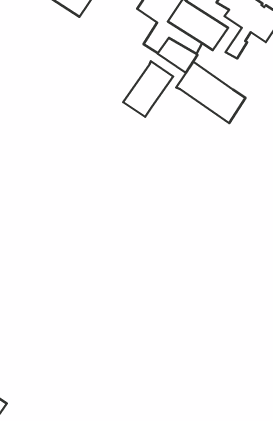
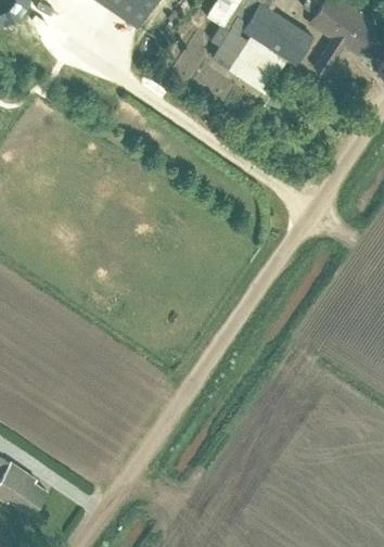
building: [123,61,173,117] -> none
building: [176,62,246,123] -> none

